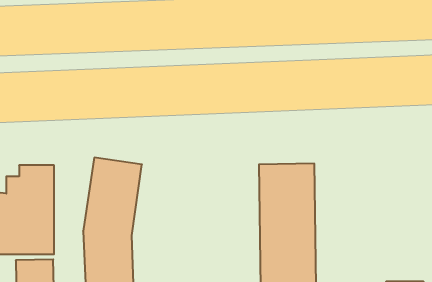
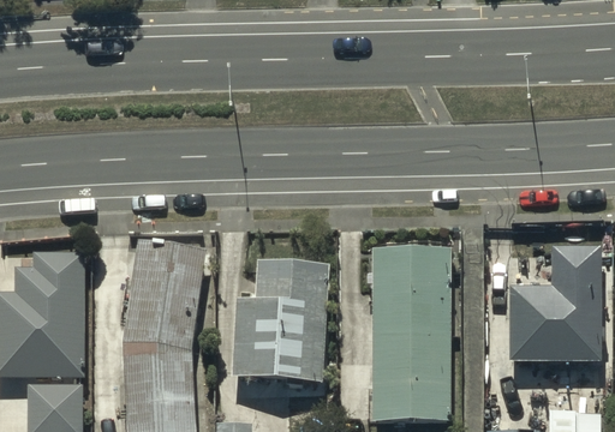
building: none -> [509,245,602,377]
building: none -> [232,258,329,382]

